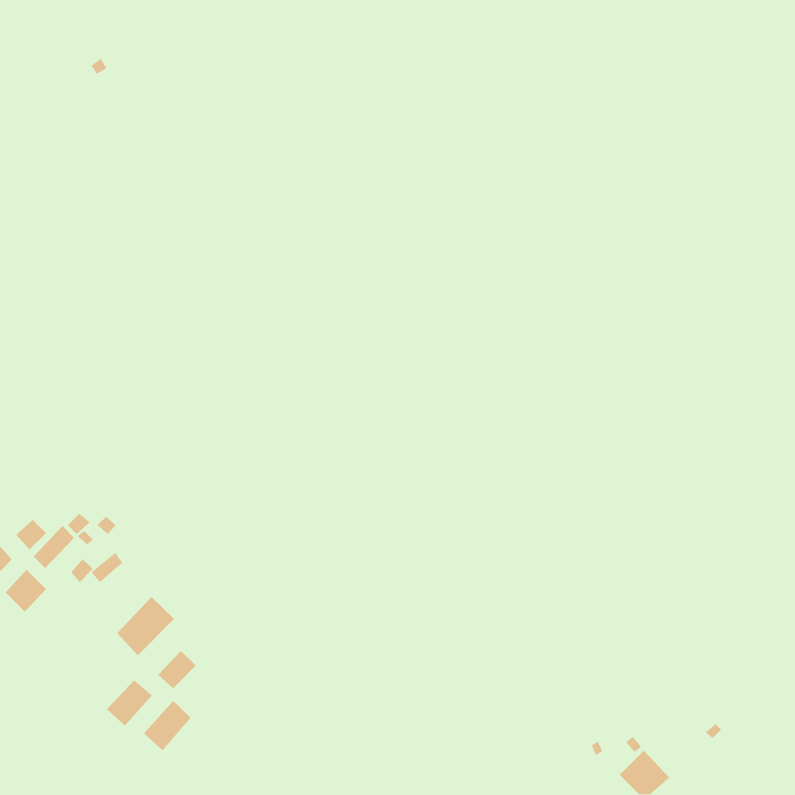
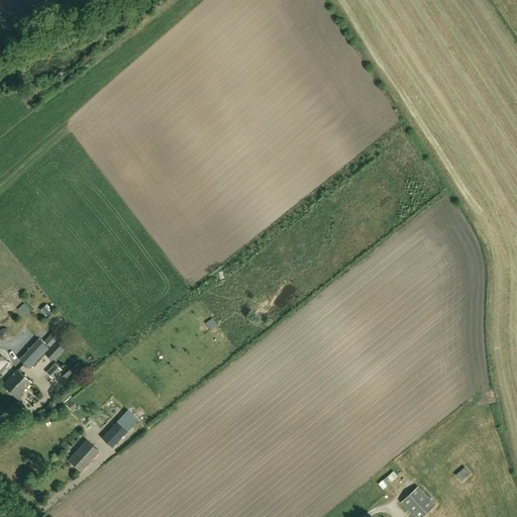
building: [116,596,175,656] -> none
building: [143,700,191,751] -> none

